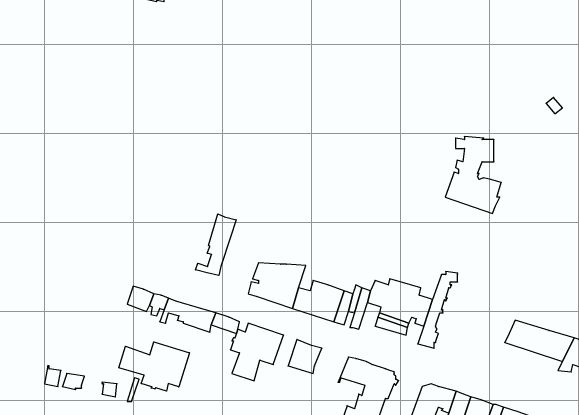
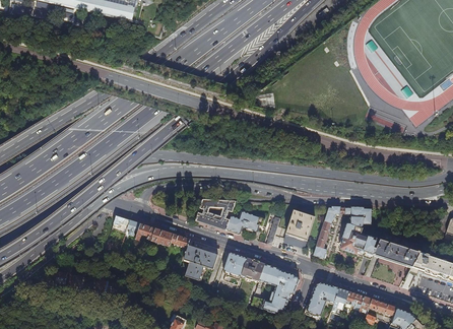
building: [445,137,501,213] -> [338,206,377,259]
building: [196,214,236,275] -> none
building: [119,342,189,391] -> none
building: none -> [241,258,265,281]

